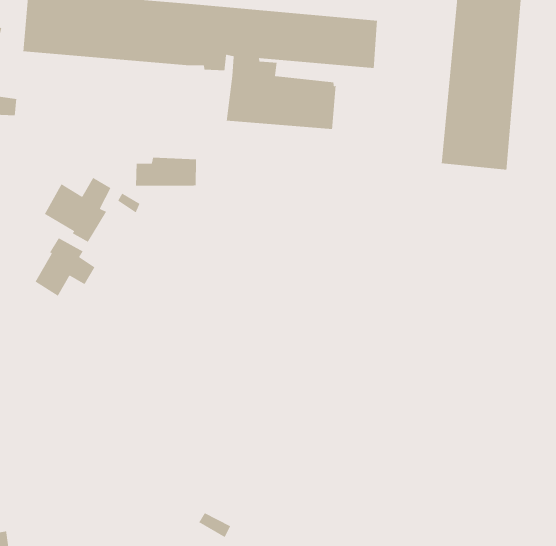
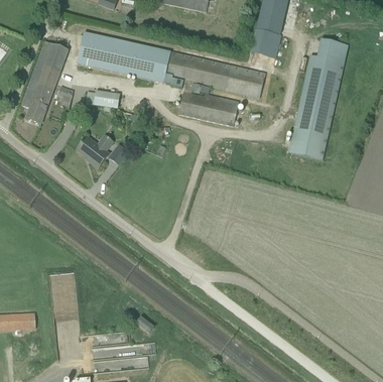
building: [135,157,197,186] -> [85,90,119,108]
building: [34,237,95,297] -> none

